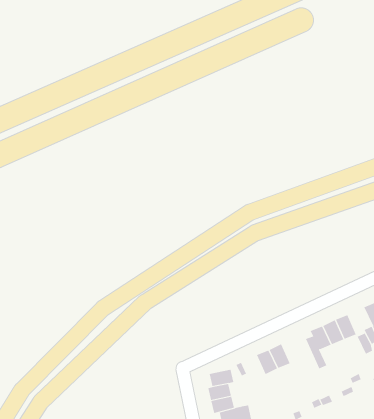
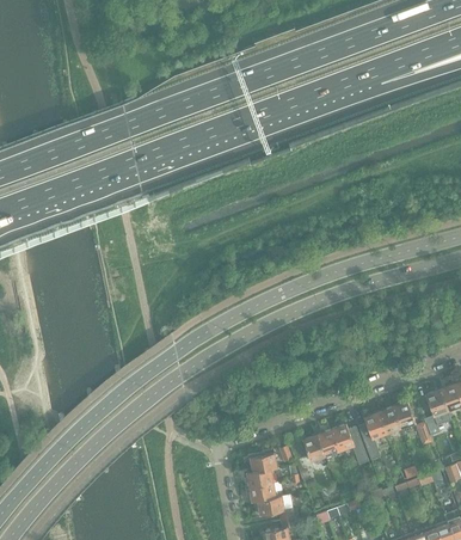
building: none -> [331,424,368,465]

